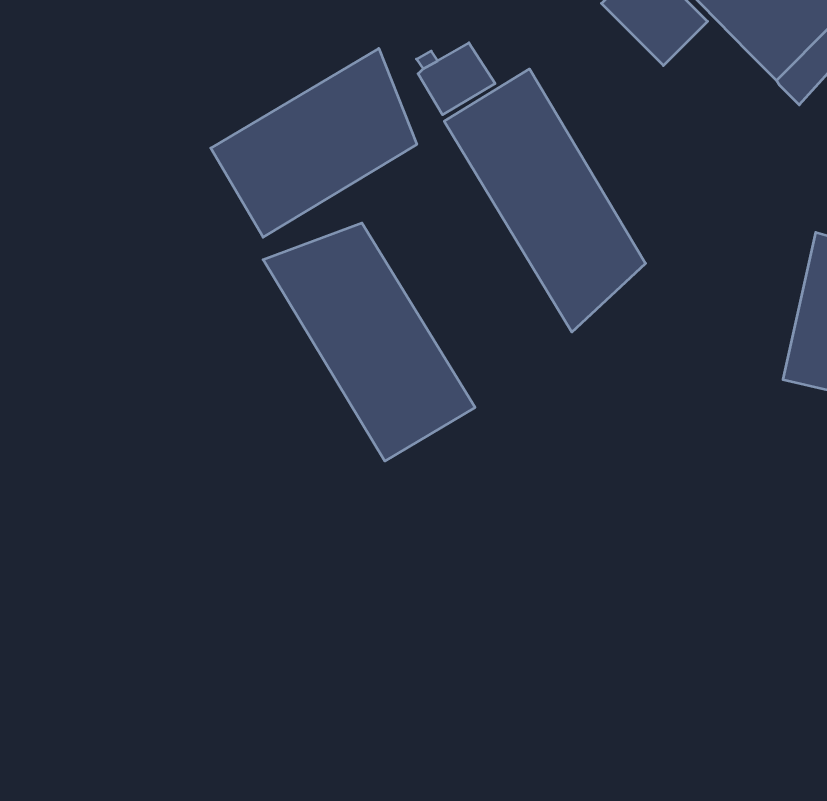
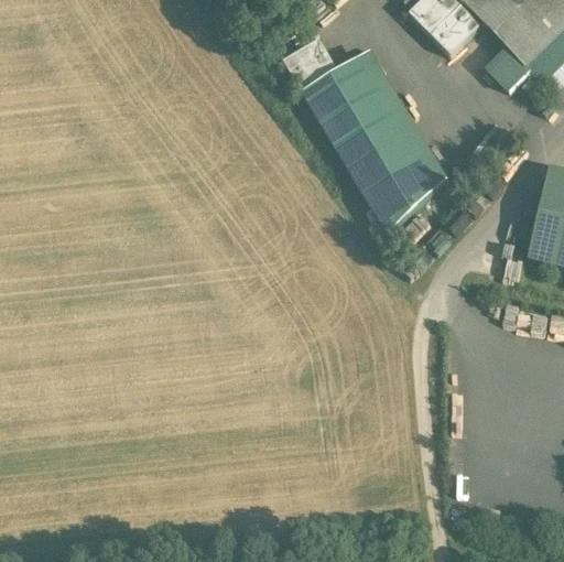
building: [211,48,417,237] -> none
building: none -> [485,41,528,84]
building: [263,223,475,461] -> none

